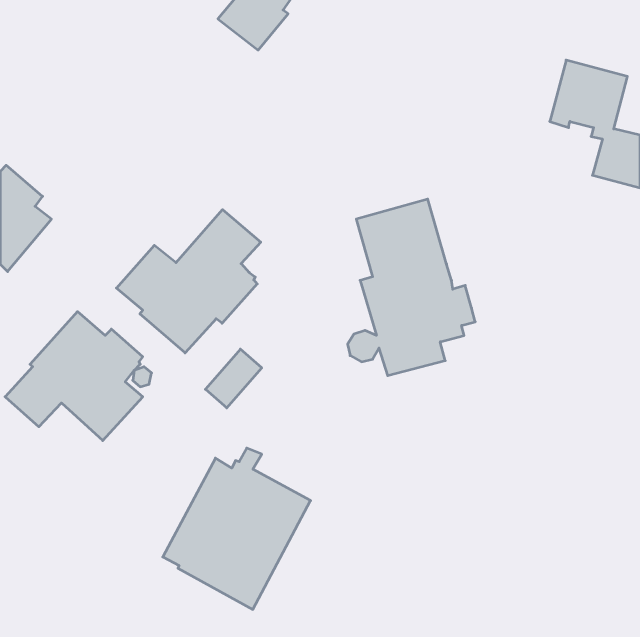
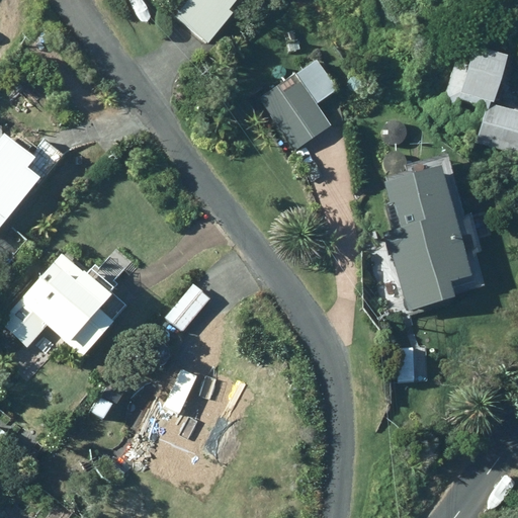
building: none -> [260,59,338,149]
building: [348,199,475,376] -> [377,165,481,308]
building: [116,210,261,353] -> none

